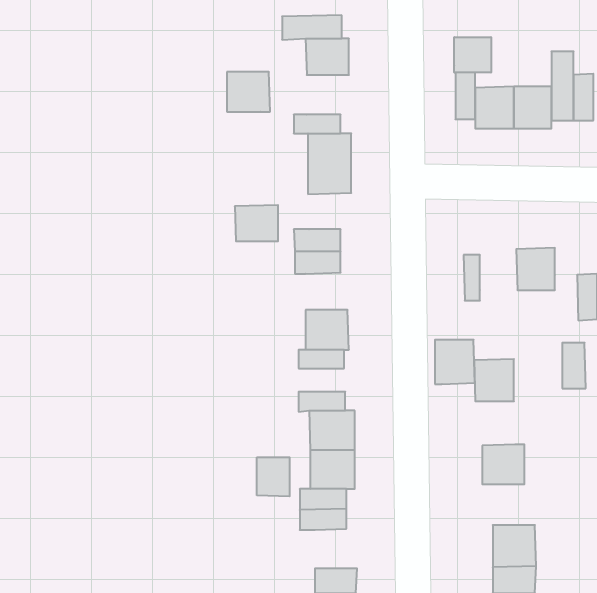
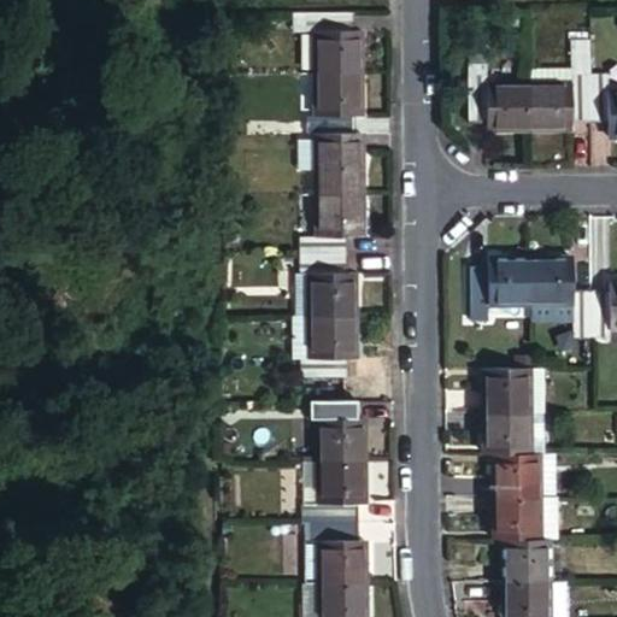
building: [454,37,491,73] -> none
building: [227,72,270,112] -> [316,77,360,118]
building: [235,205,278,241] -> [317,199,362,236]
building: none -> [494,257,533,299]
building: none -> [315,281,358,319]
building: [435,340,475,384] -> [489,413,530,459]
building: [562,343,586,388] -> [571,283,595,330]
building: [257,457,290,496] -> none
building: none -> [496,499,541,541]
building: none -> [324,545,368,586]

